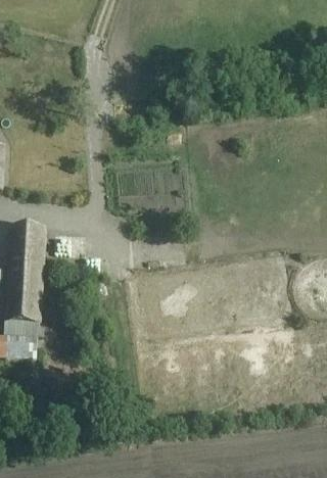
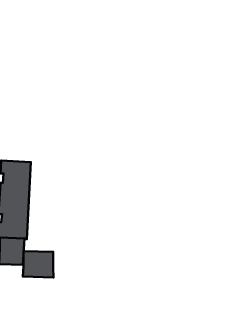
building: none -> [23,251,53,278]

